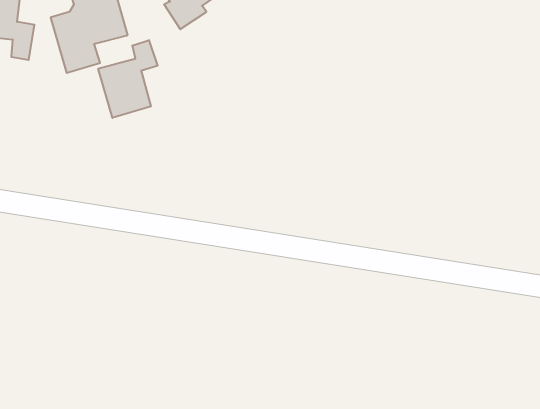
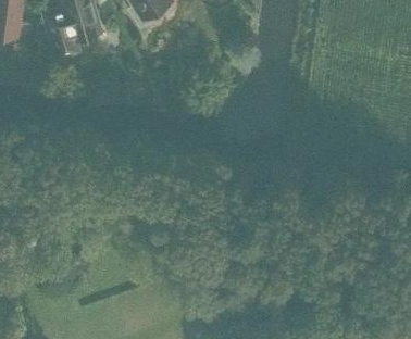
building: [98,40,158,118] -> none

